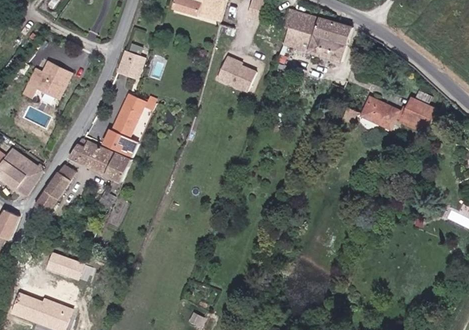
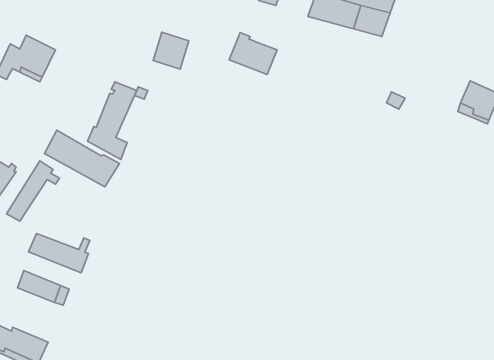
building: [117,49,146,79] -> [153,32,189,69]
building: [365,97,400,127] -> none
building: none -> [29,234,90,273]

